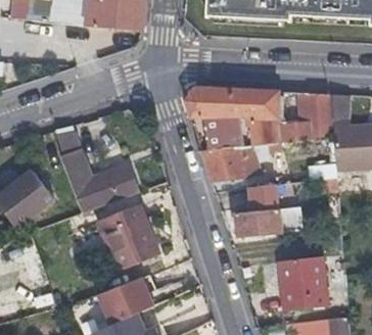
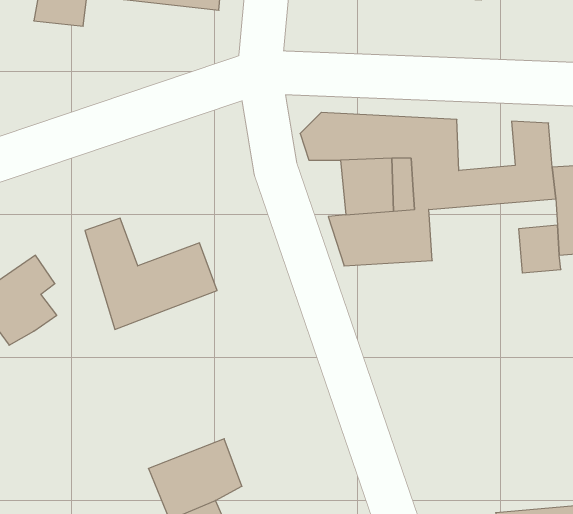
building: [236,184,296,232] -> none
building: [98,203,159,270] -> none
building: [278,255,314,309] -> none

